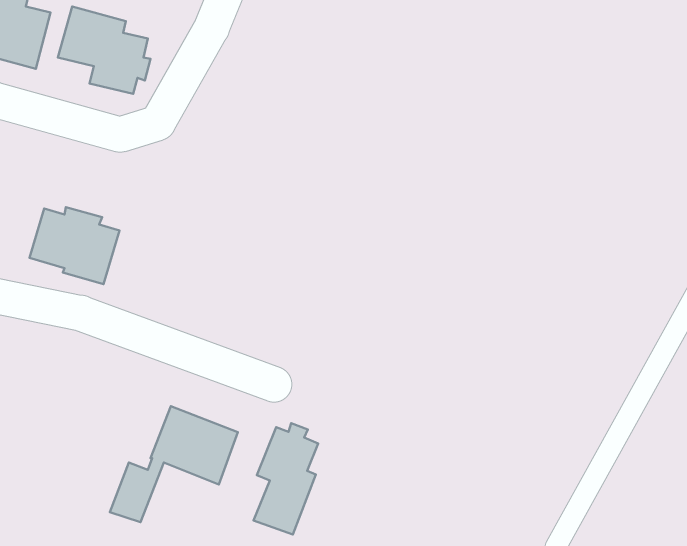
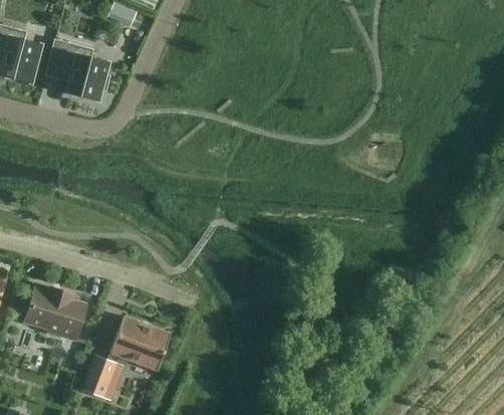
building: [29,207,120,284] -> [24,287,86,341]
building: [254,423,318,535] -> none

